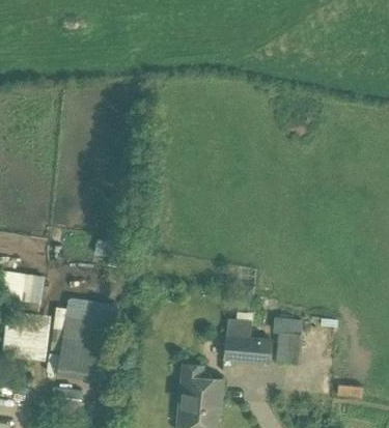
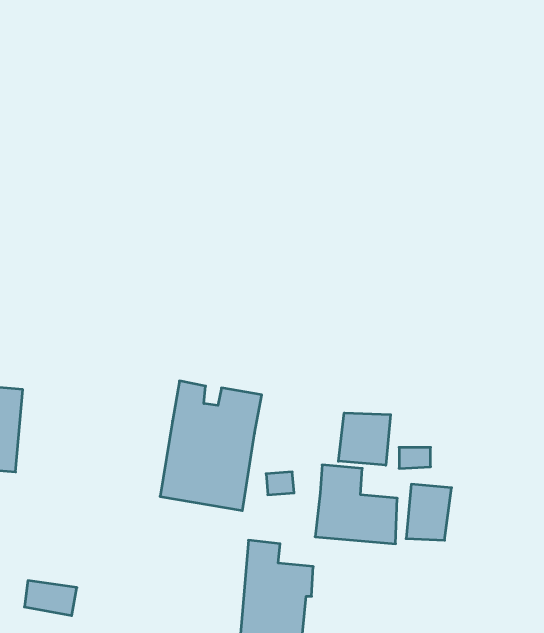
building: none -> [338,413,391,465]
building: [56,304,116,380] -> [160,381,262,511]

